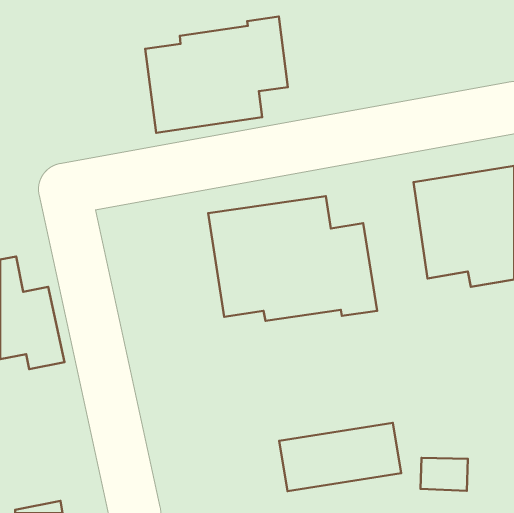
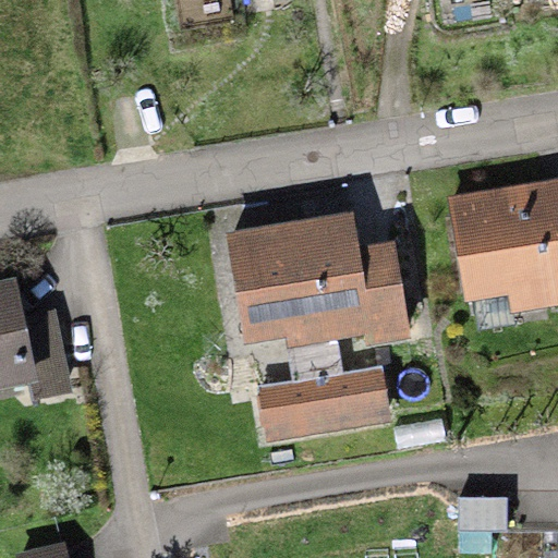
building: [145,16,288,133] -> none
building: [279,423,401,491] -> [257,366,389,440]

